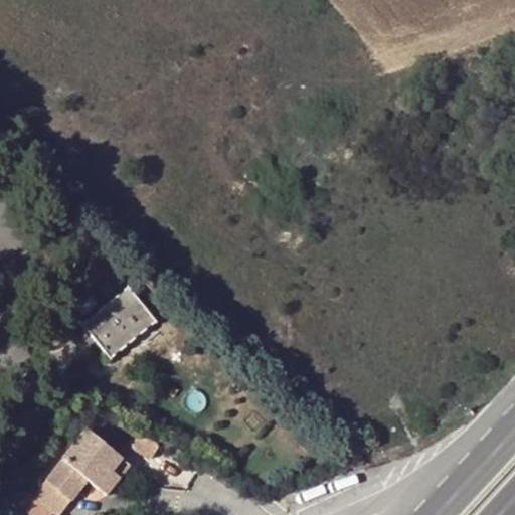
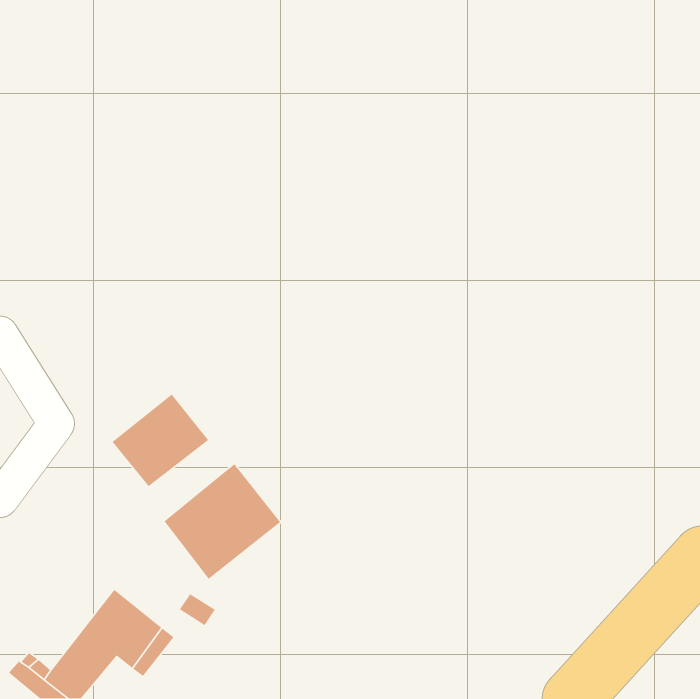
building: none -> [163,463,281,580]

